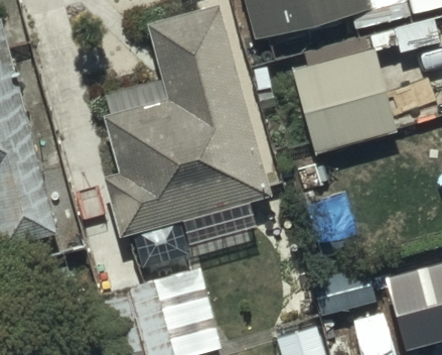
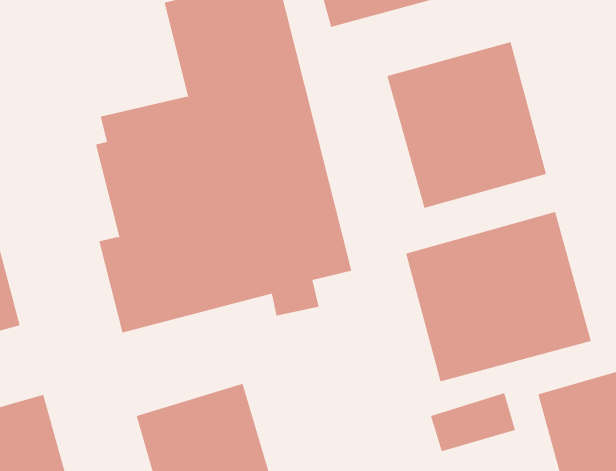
building: none -> [405,211,591,382]

